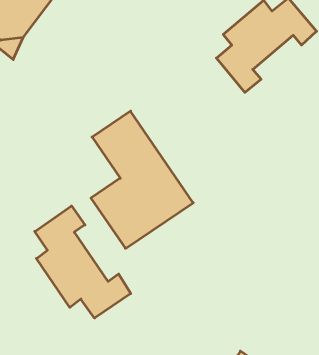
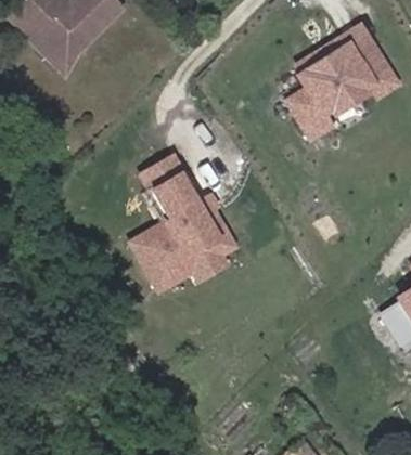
building: [35,206,131,318] -> none

